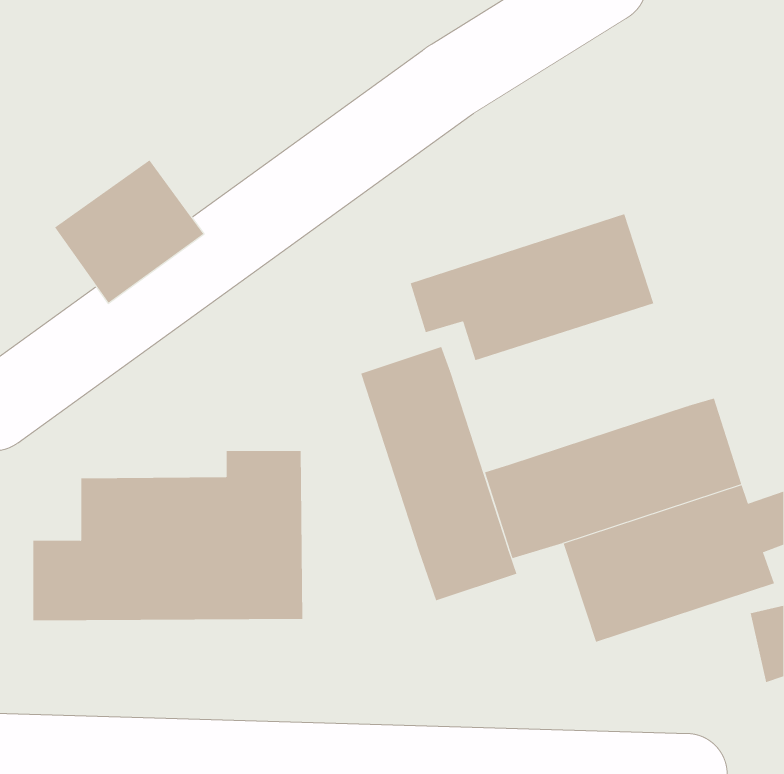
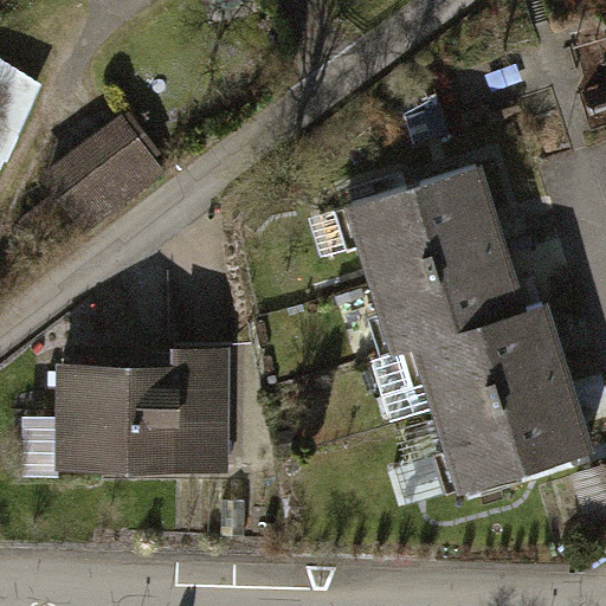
building: none -> [363,227,565,355]
building: [360,346,517,601] -> none

